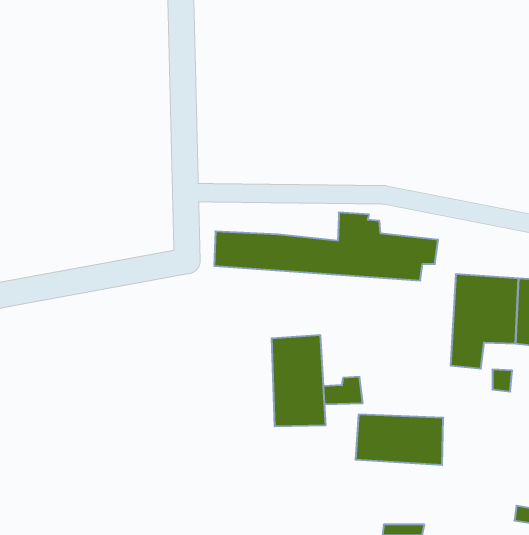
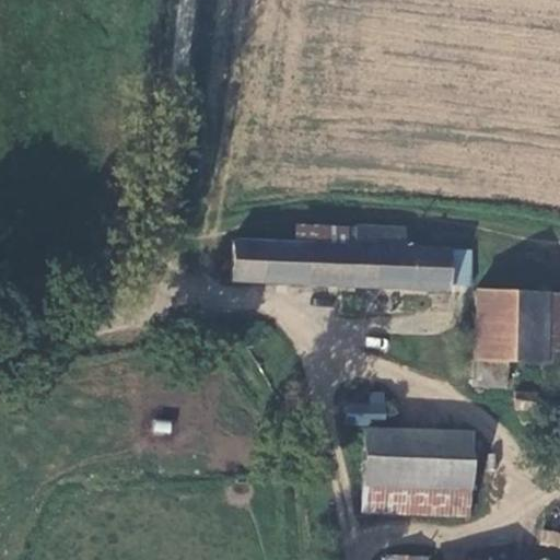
building: none -> [296,221,360,252]
building: [272,335,325,426] -> none
building: none -> [376,480,468,514]

